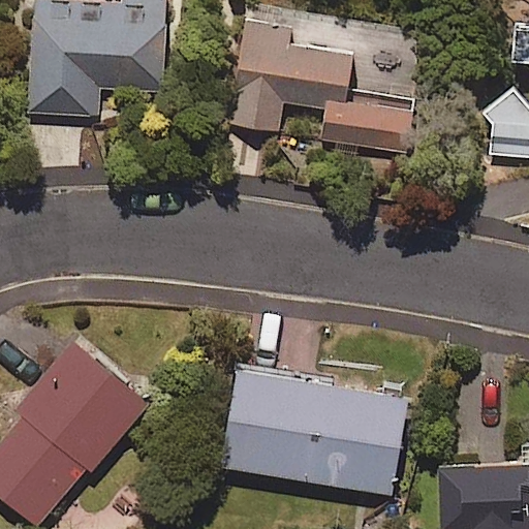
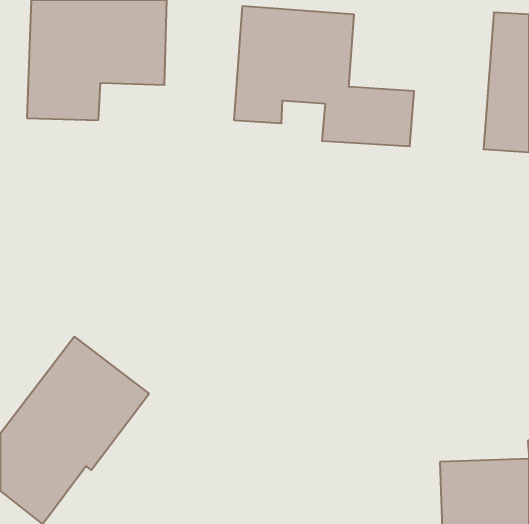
building: [221,366,407,495] -> none

